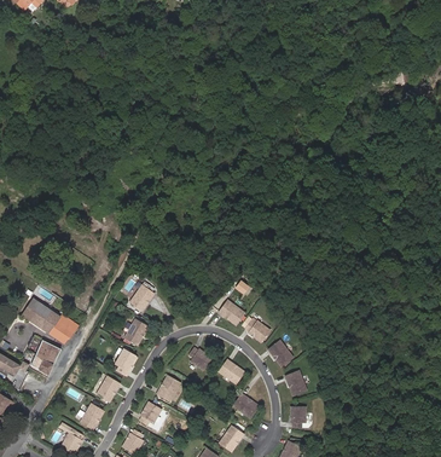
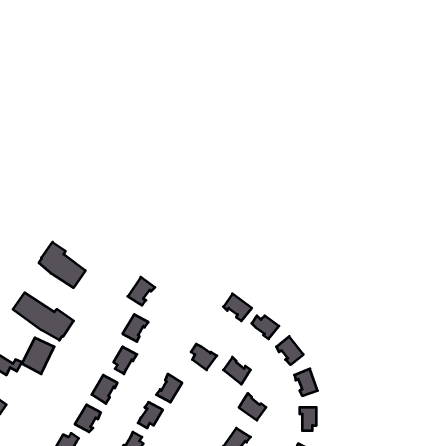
building: none -> [39,242,85,288]

